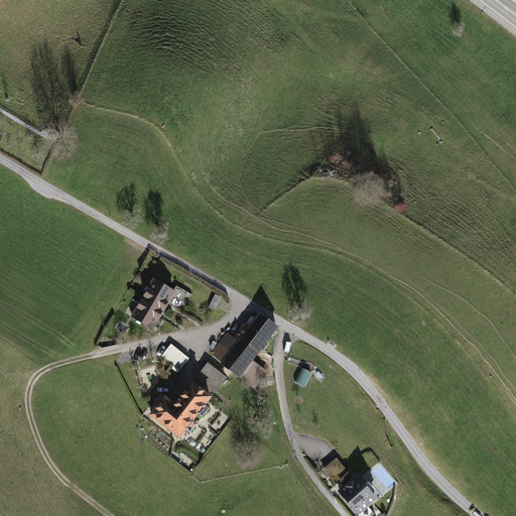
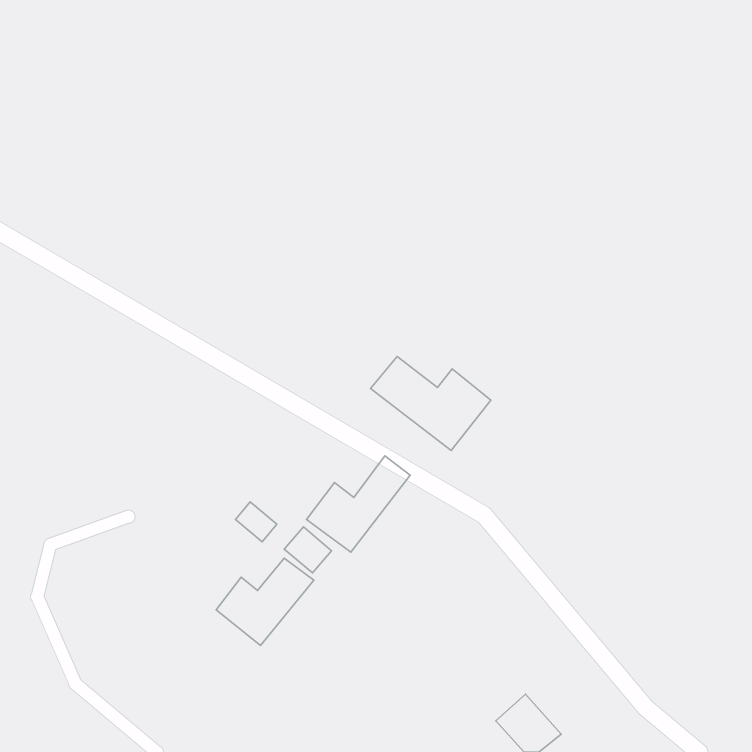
building: none -> [370,357,491,451]
building: [133,277,174,328] -> none

